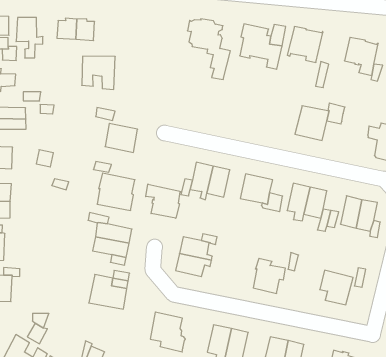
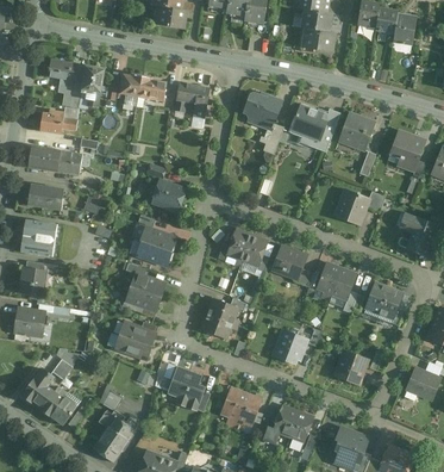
building: [82,56,115,89] -> [174,82,210,118]
building: [146,184,182,218] -> none

